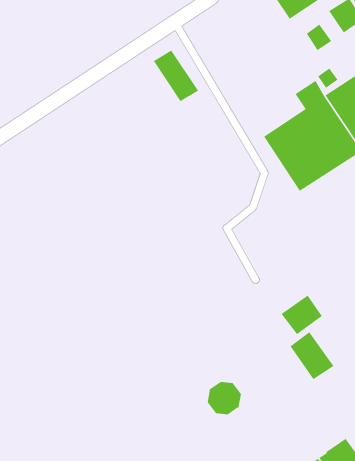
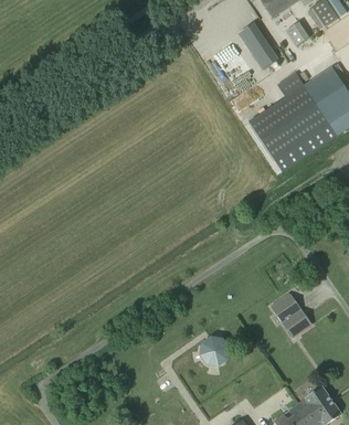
building: [153,49,199,102] -> [237,21,278,67]
building: [280,294,323,335] -> none

